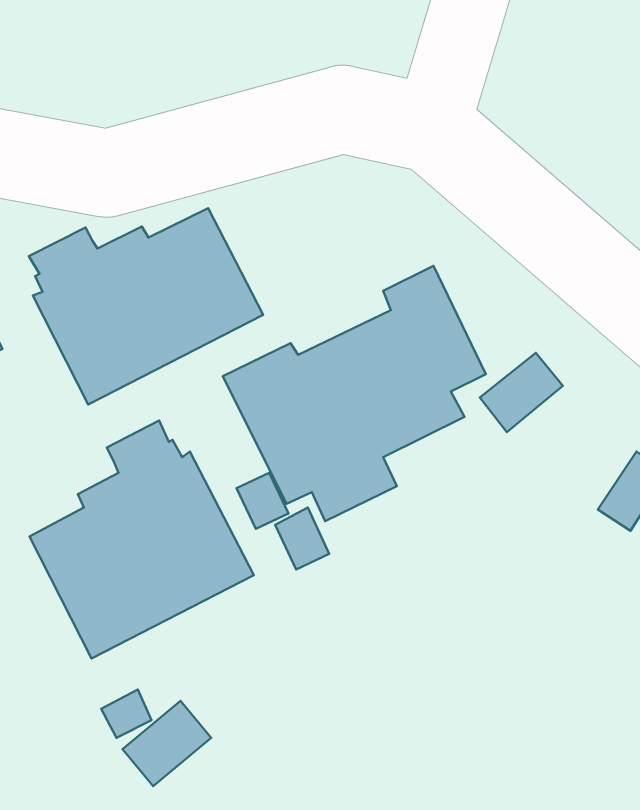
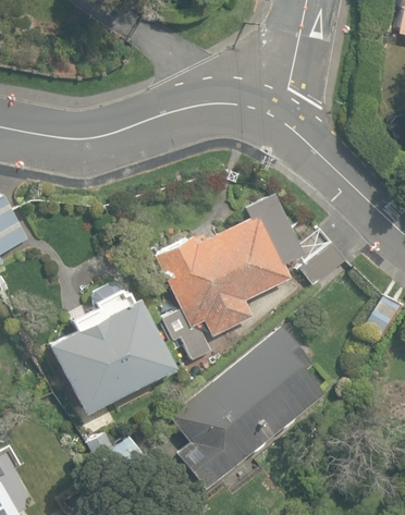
building: [29,208,263,405] -> none
building: none -> [168,324,327,491]

